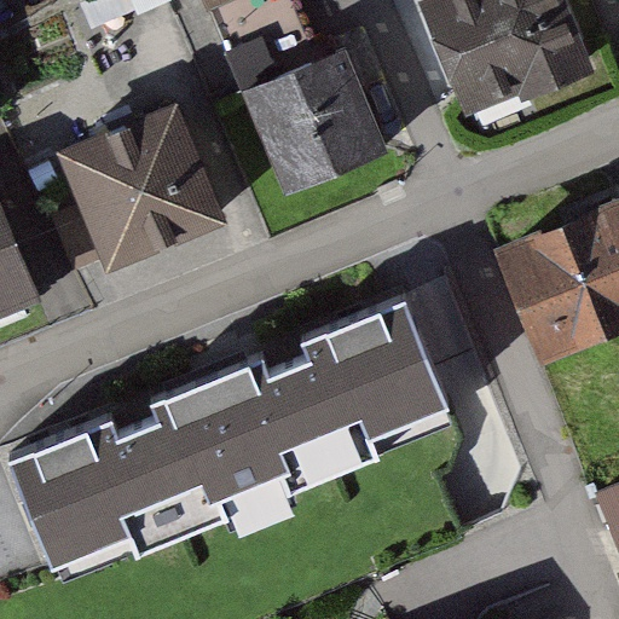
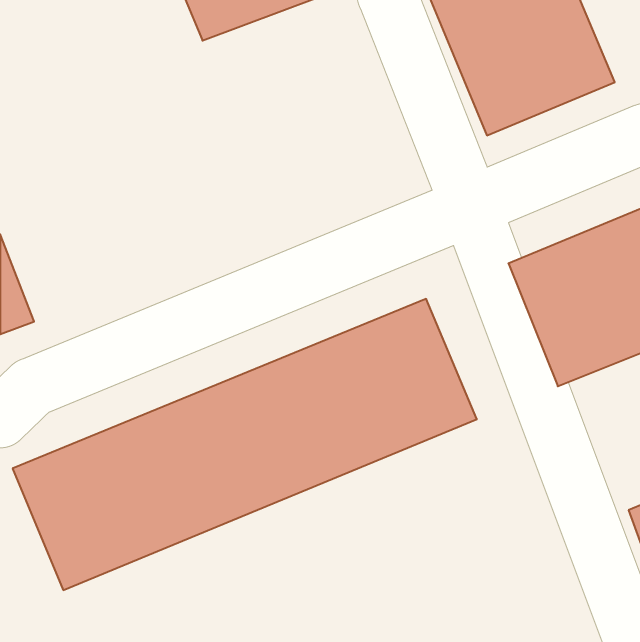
building: [238,48,391,197] -> none
building: [51,105,219,276] -> none

